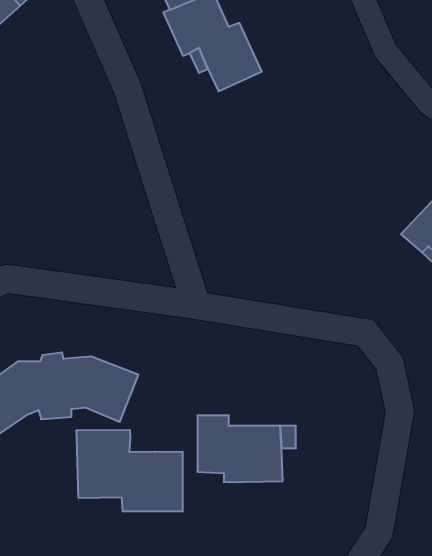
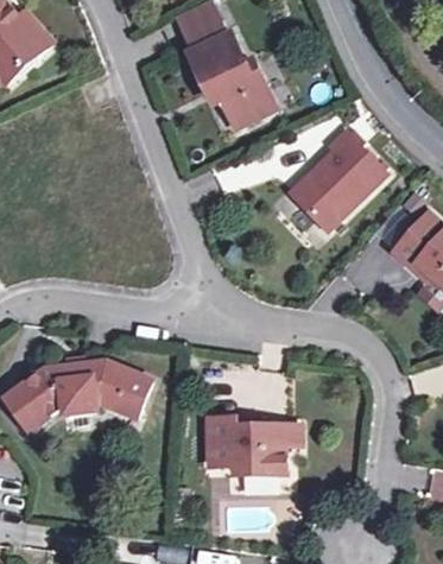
building: none -> [291,128,386,228]
building: [77,430,183,512] -> none

